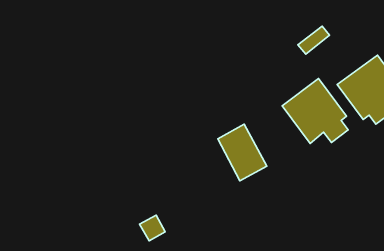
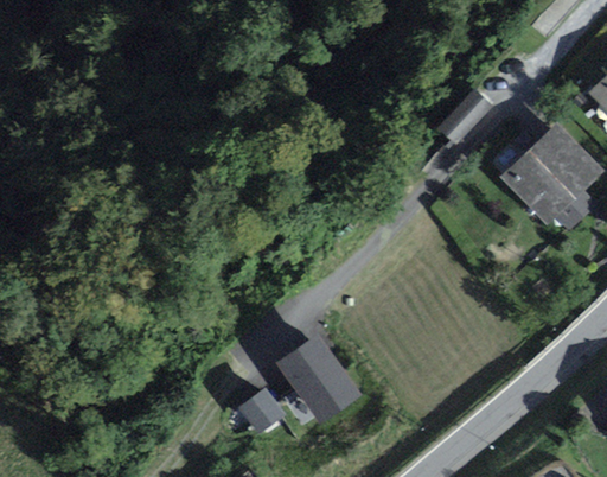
building: [282,78,348,143] -> none
building: [218,124,267,181] -> [280,337,354,419]

